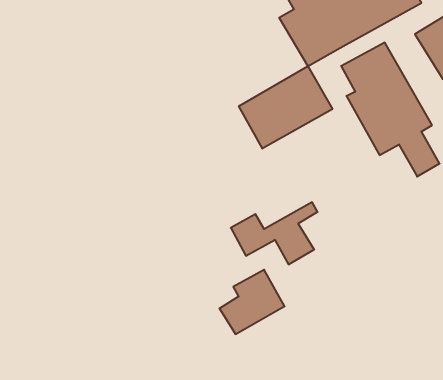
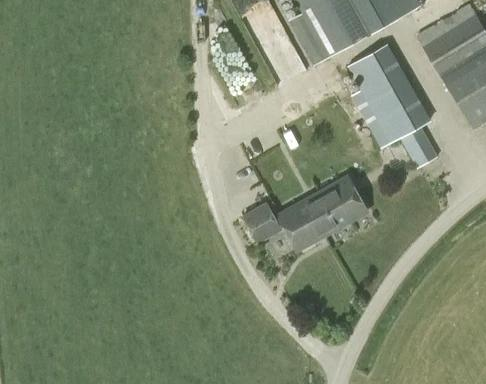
building: [239,66,332,149] -> none
building: [219,270,285,334] -> [306,176,367,236]

